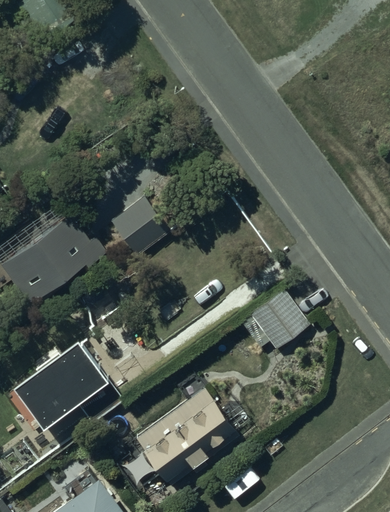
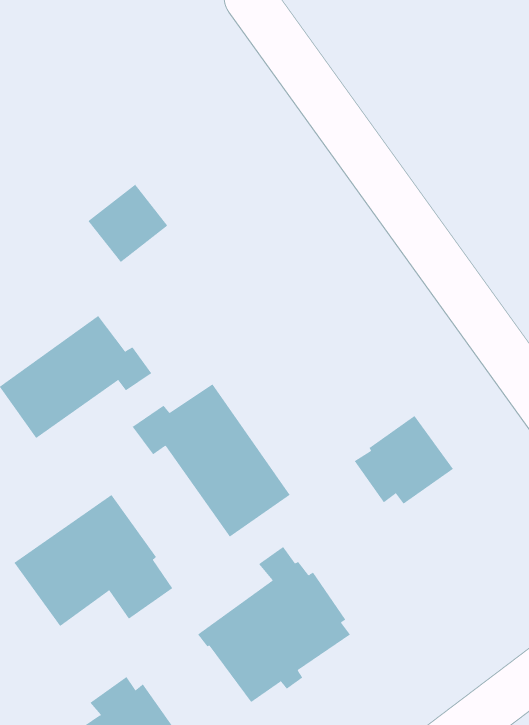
building: [111,198,165,251] -> [88,184,168,263]
building: none -> [132,383,291,538]

